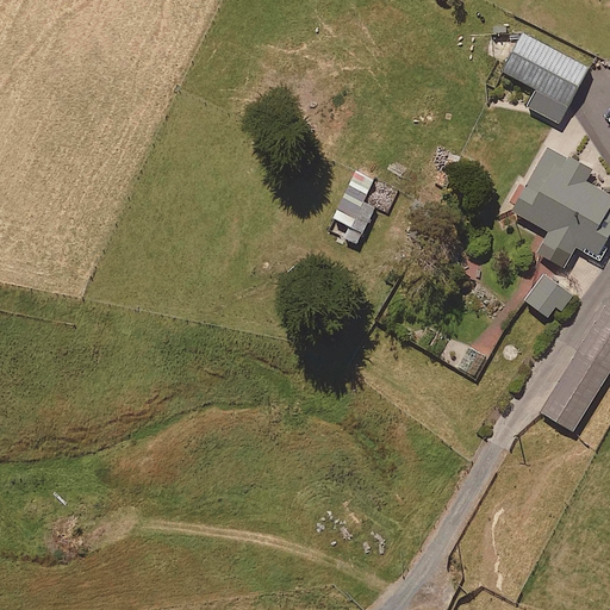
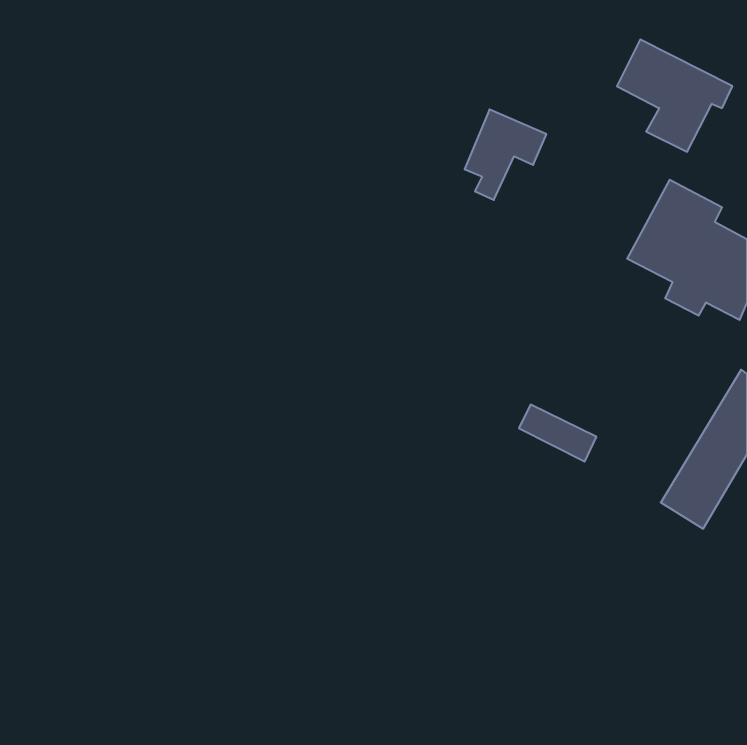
building: [334,170,400,244] -> [465,109,546,200]
building: [524,274,574,320] -> none

